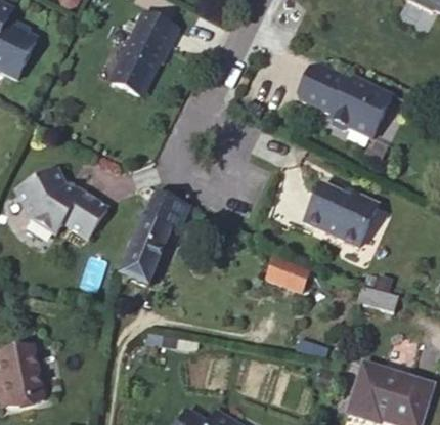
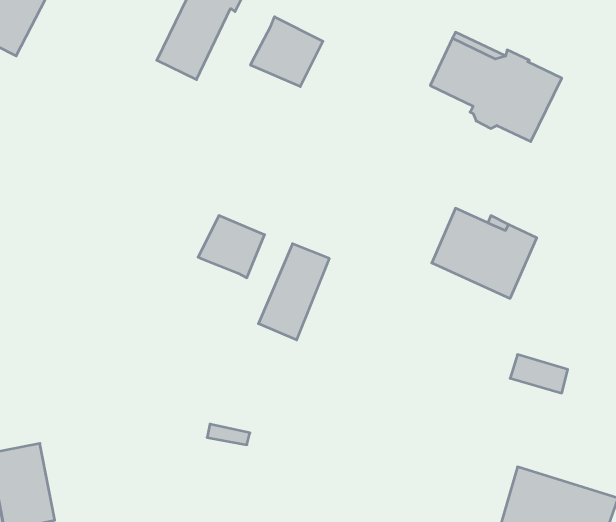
building: none -> [251,17,323,87]
building: [17,171,107,238] -> none
building: [121,218,170,285] -> [258,244,329,340]
building: [266,256,310,291] -> none

